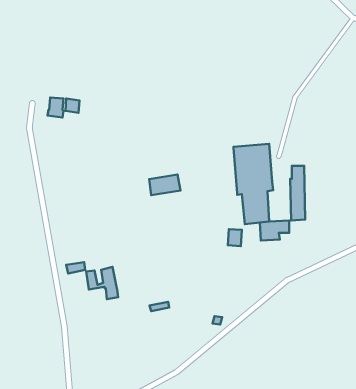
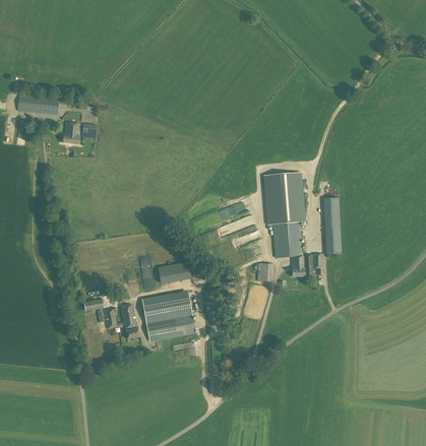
building: none -> [17,94,58,114]
building: [149,174,180,195] -> [157,261,190,283]
building: none -> [142,292,194,340]

